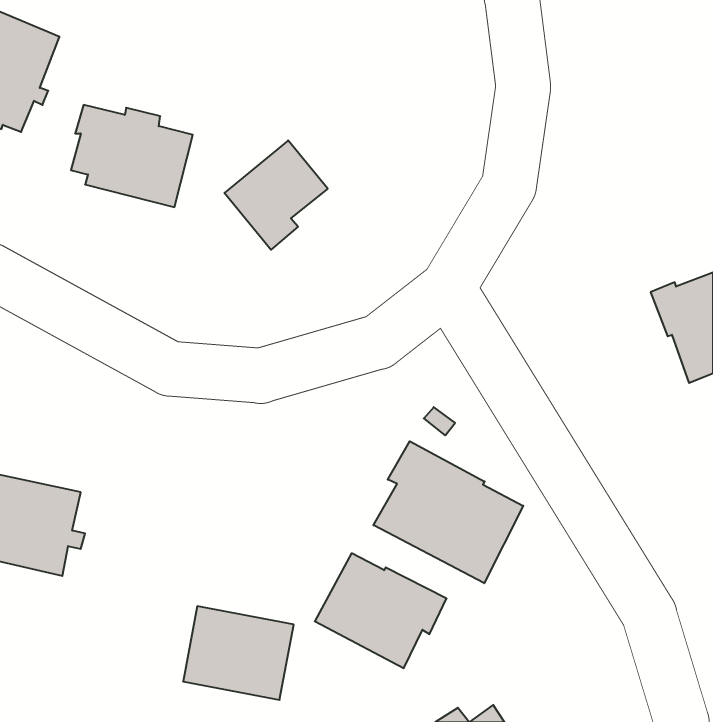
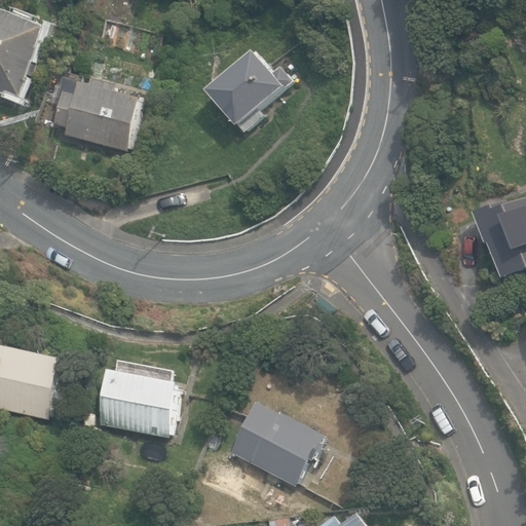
building: [224,140,328,250] -> [208,52,283,132]
building: [373,441,523,583] -> none
building: [183,606,294,700] -> [97,369,177,437]

